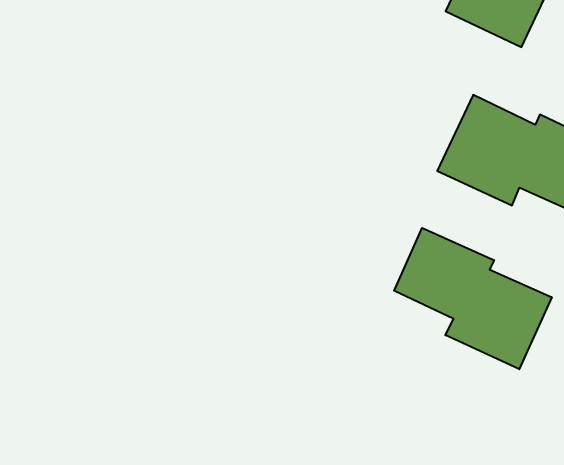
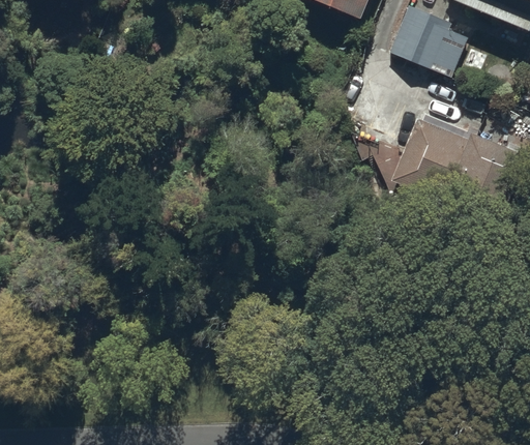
building: [394,228,552,369] -> none

